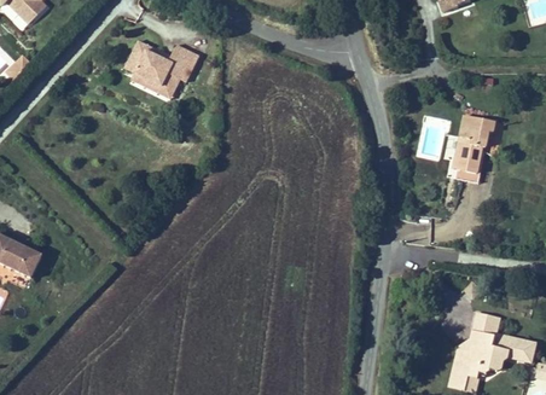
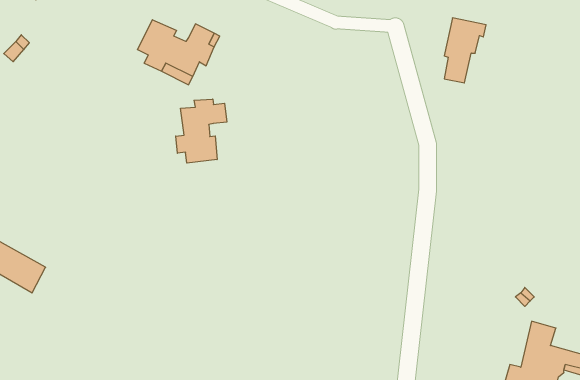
building: none -> [176,99,227,163]
building: [457,115,494,173] -> [444,18,486,83]

